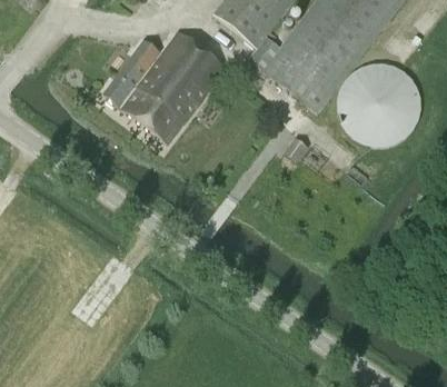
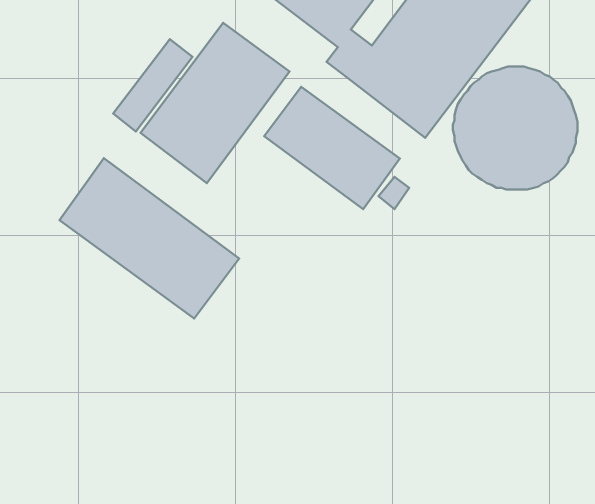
building: none -> [264,87,400,209]
building: none -> [59,158,239,319]

